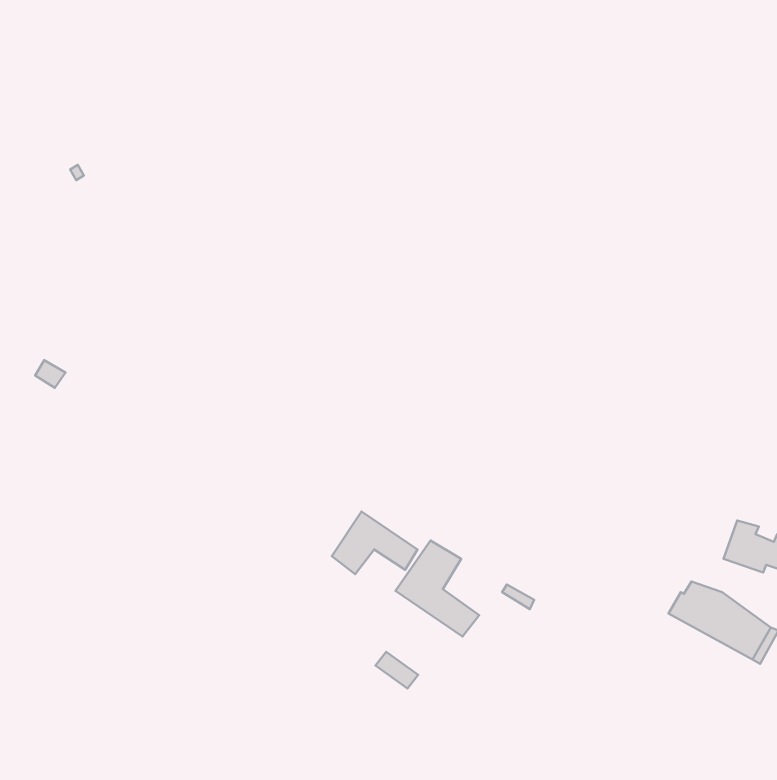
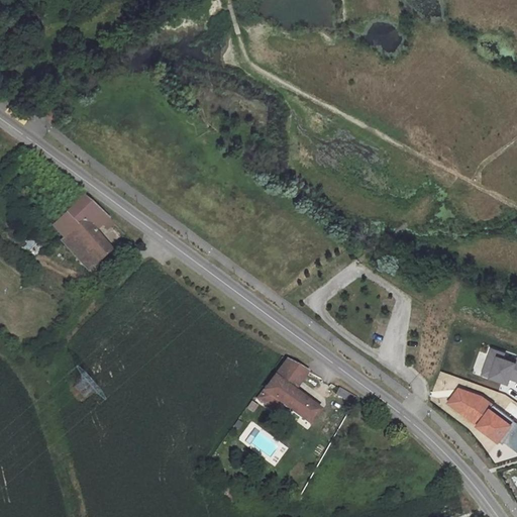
building: none -> [54,200,112,272]
building: [332,511,417,574] -> none

